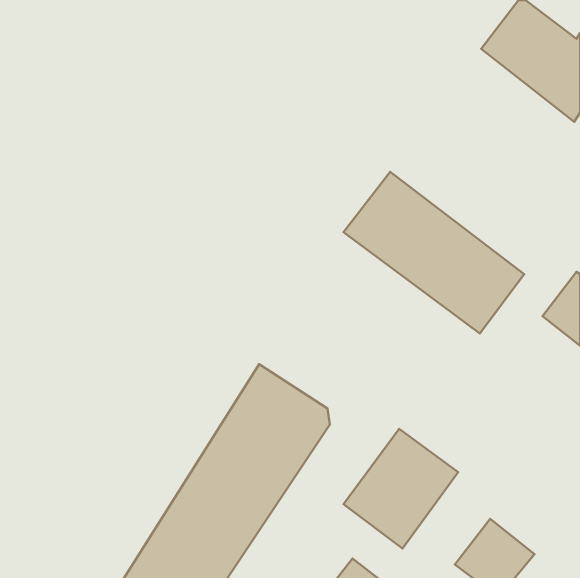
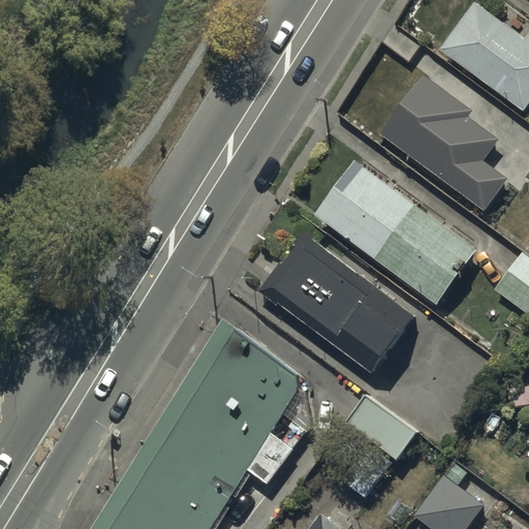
building: none -> [377,73,507,212]
building: none -> [258,230,416,375]

